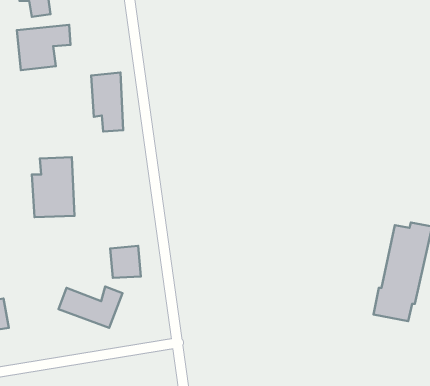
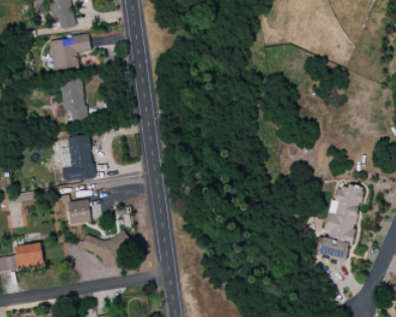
building: [91,73,123,131] -> [60,77,85,122]
building: [110,246,141,278] -> [67,199,90,223]

